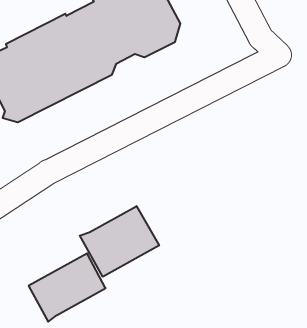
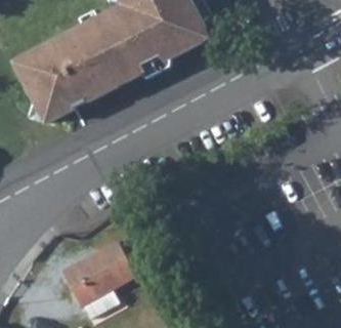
building: [80,206,159,277] -> none

